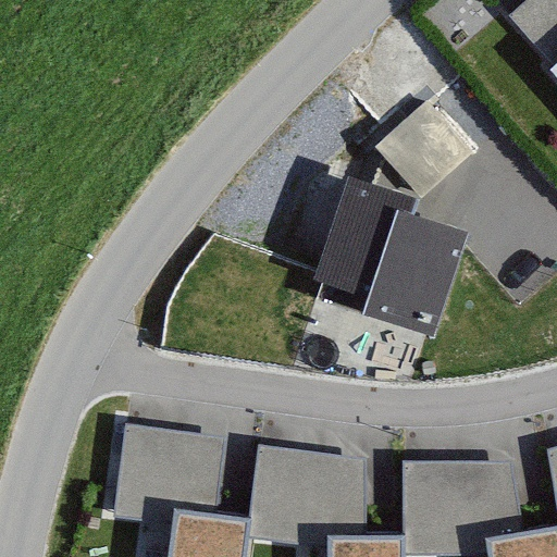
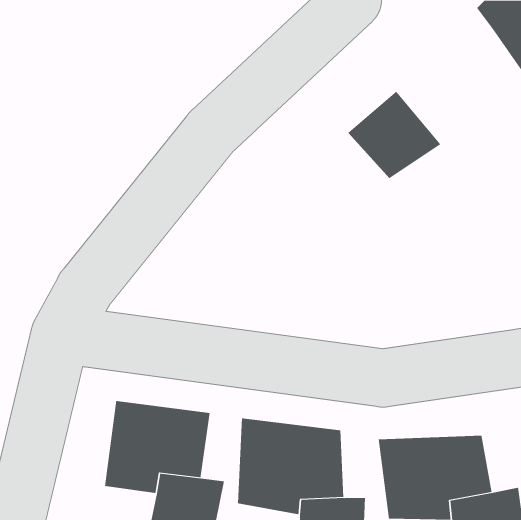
building: [294,169,468,334] -> none

